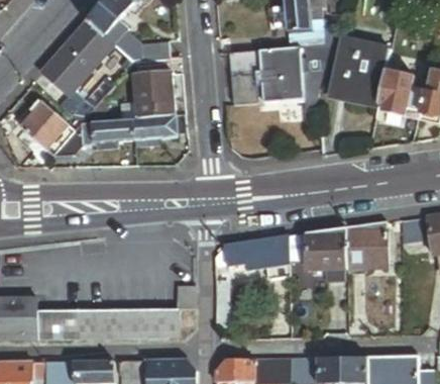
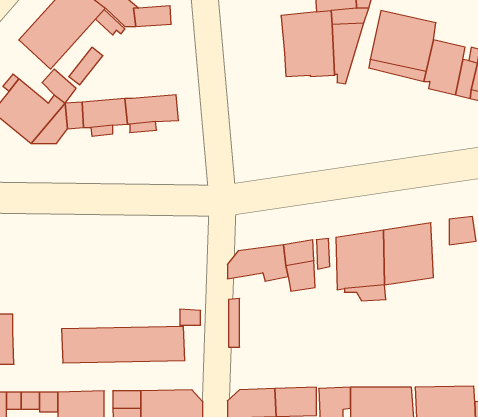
building: [230,51,262,103] -> none
building: [132,72,173,118] -> none
building: [37,309,79,339] -> none

